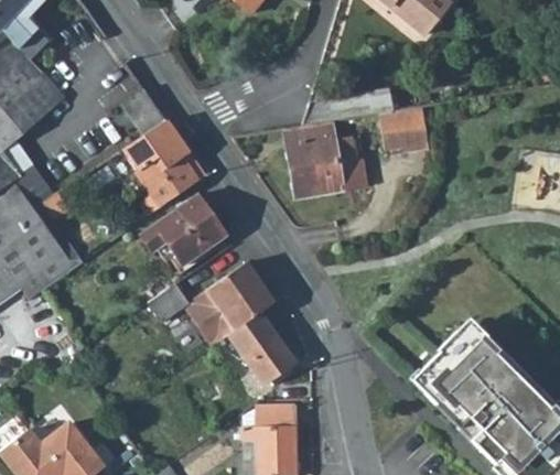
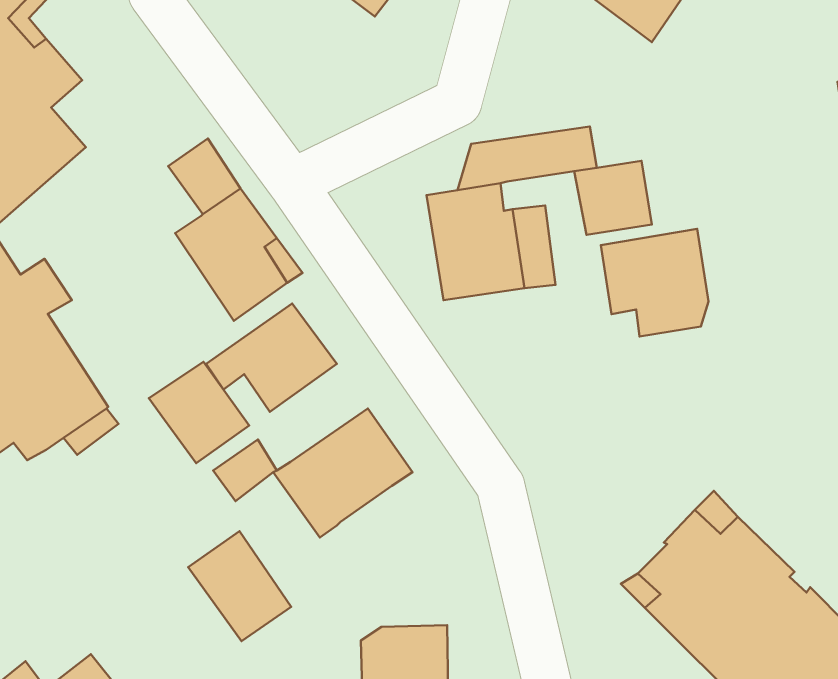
building: none -> [601,229,709,336]
building: none -> [149,362,249,463]
building: [228,314,294,385] -> [188,531,291,641]

